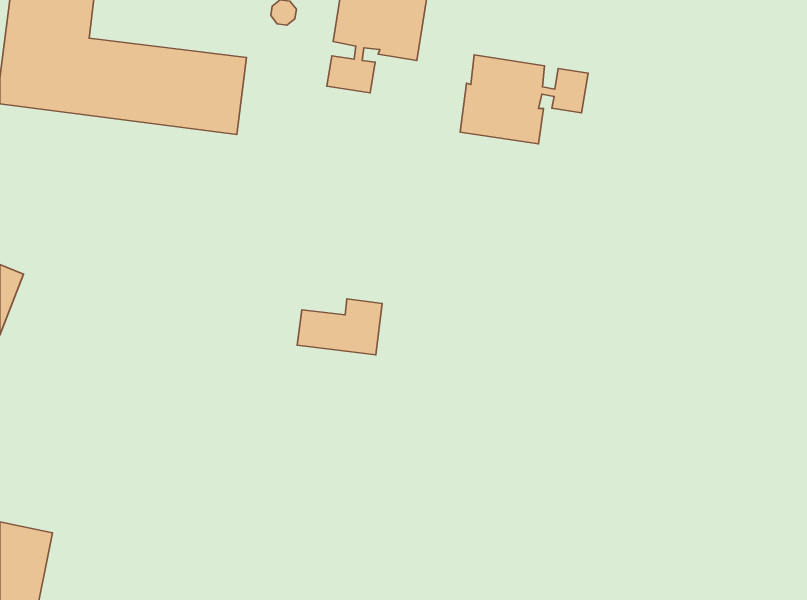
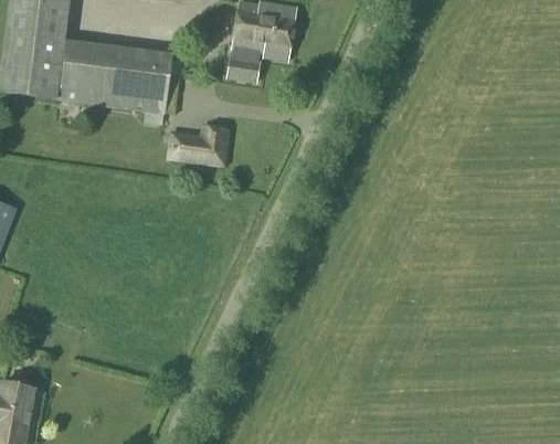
building: [460,55,588,144] -> none
building: [297,299,382,355] -> [169,125,228,163]

